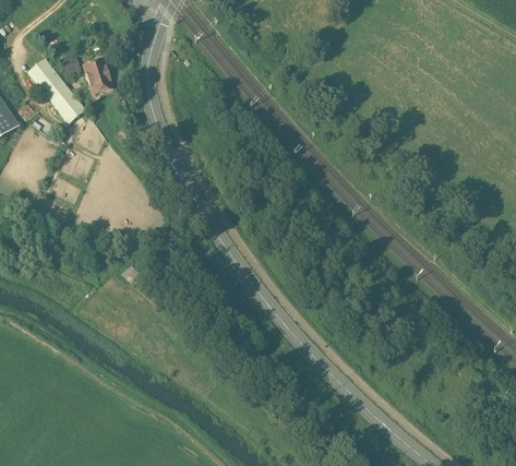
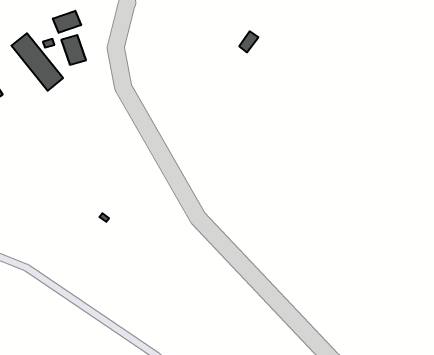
building: none -> [53,11,81,33]

